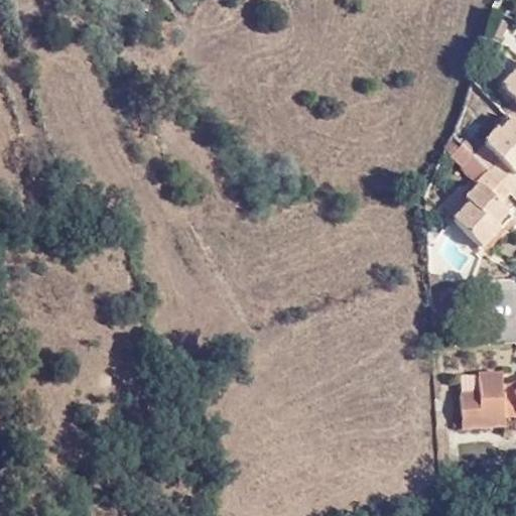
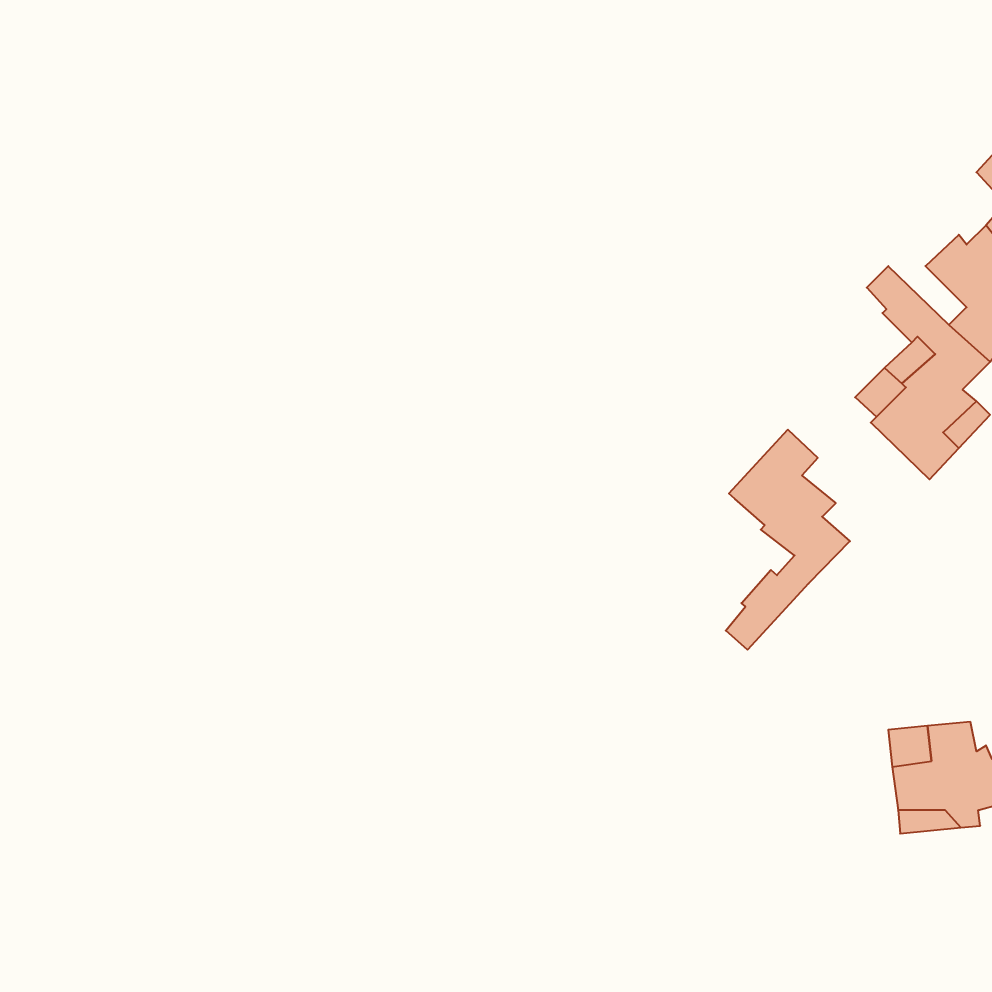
building: none -> [726,430,850,650]

